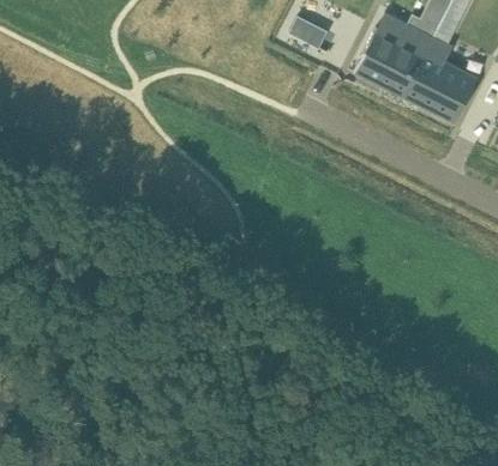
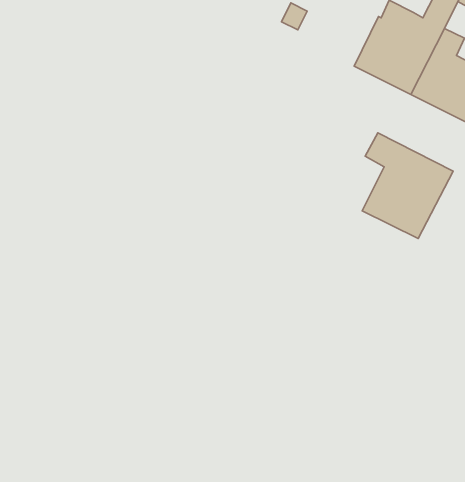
building: none -> [362,133,453,238]

